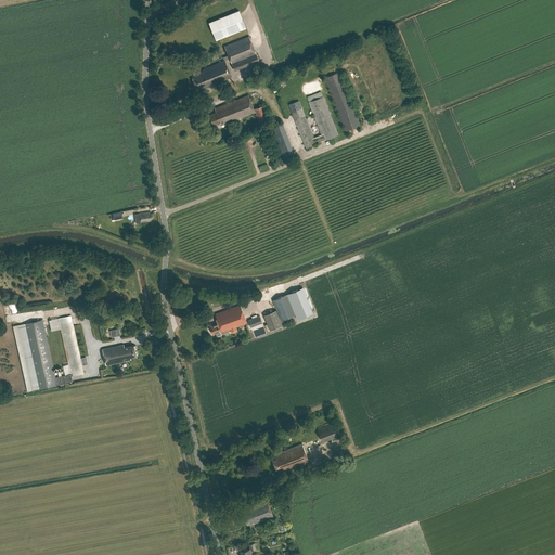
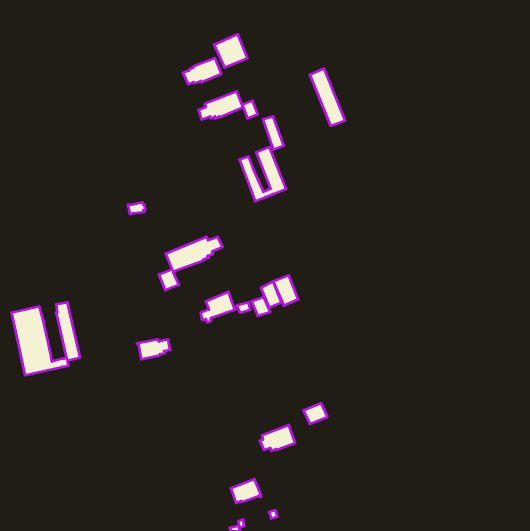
building: [208,10,245,40] -> none
building: [288,91,337,147] -> [239,147,286,201]
building: none -> [159,237,222,290]
building: [101,345,135,365] -> [137,340,170,359]

